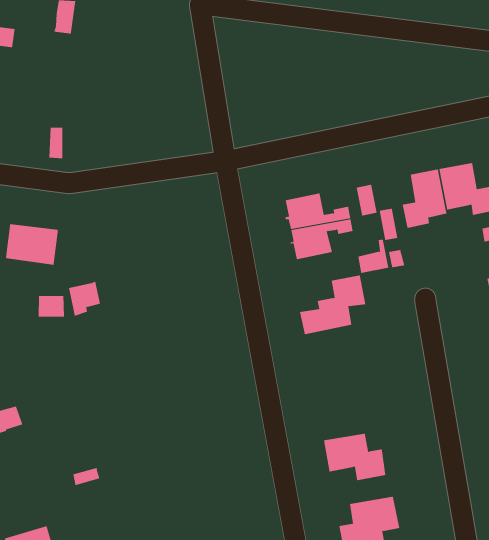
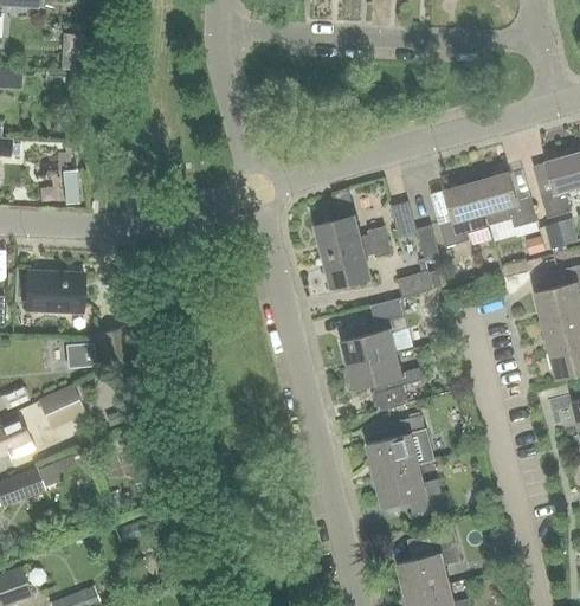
building: none -> [347,352,423,412]
building: none -> [36,382,86,431]
building: none -> [367,417,432,475]

